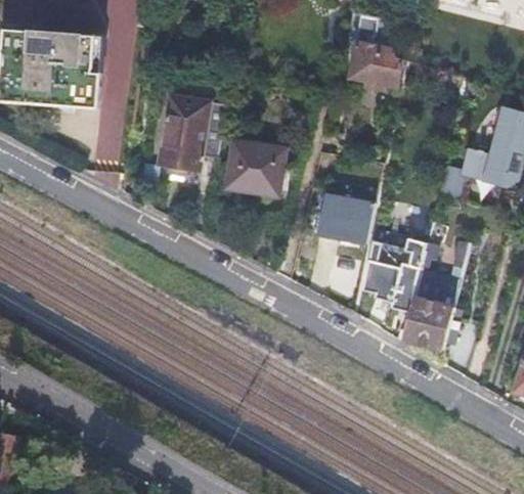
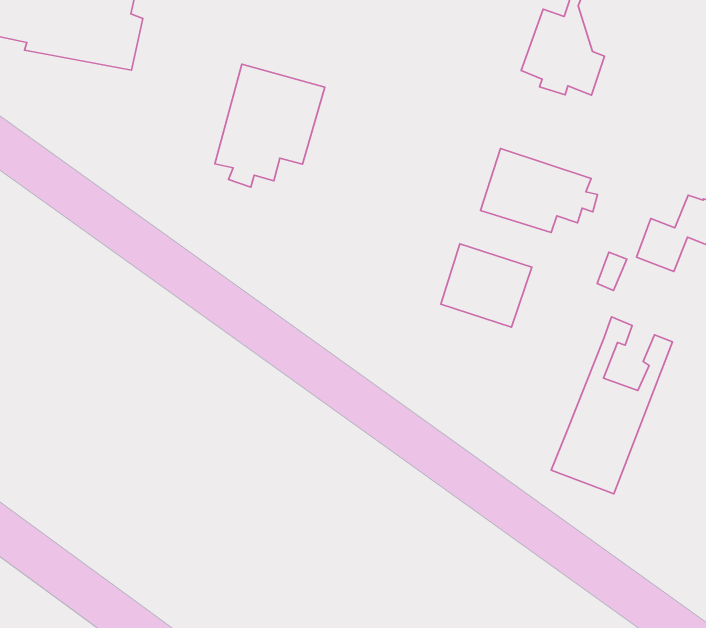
building: none -> [480,149,597,233]
building: [222,138,283,194] -> none
building: [362,240,426,313] -> none

